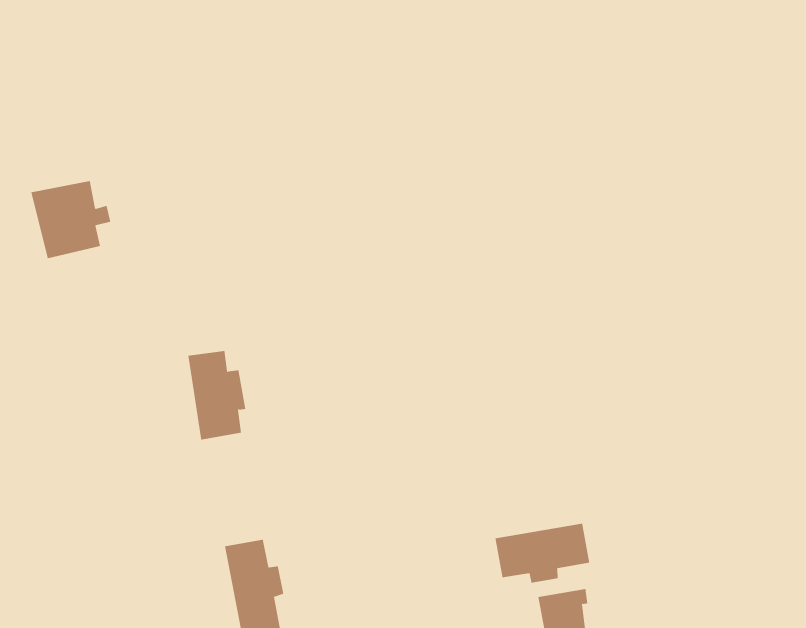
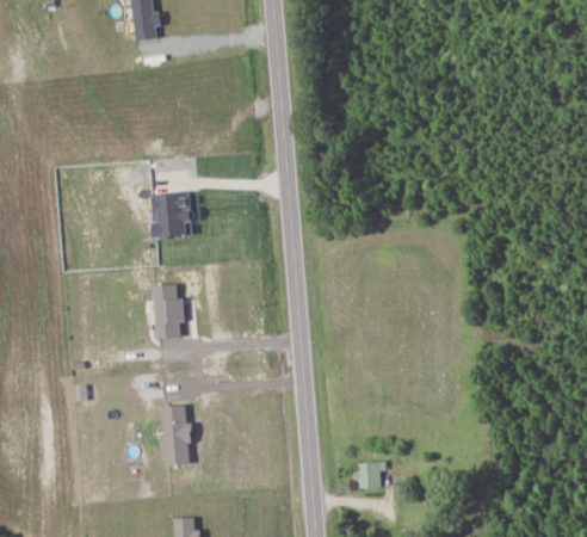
building: [31,180,111,259] -> [153,192,200,237]
building: [495,523,590,583] -> none

